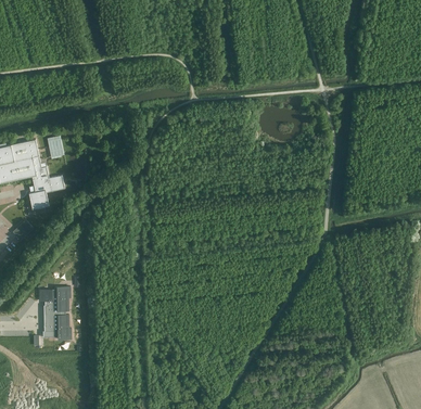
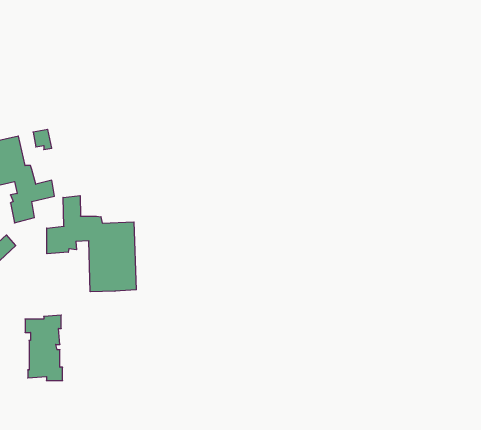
building: none -> [47,196,136,292]

